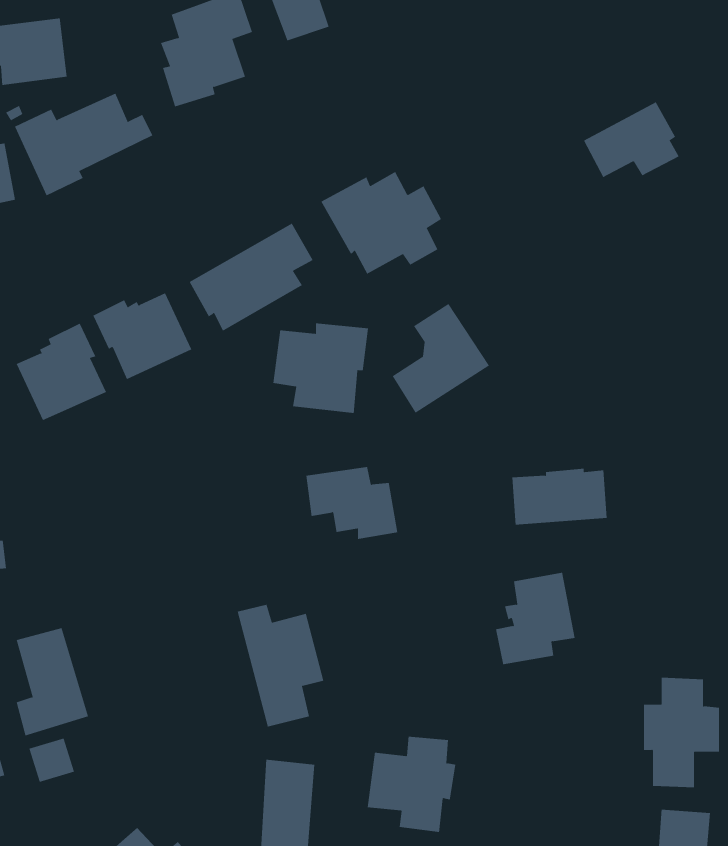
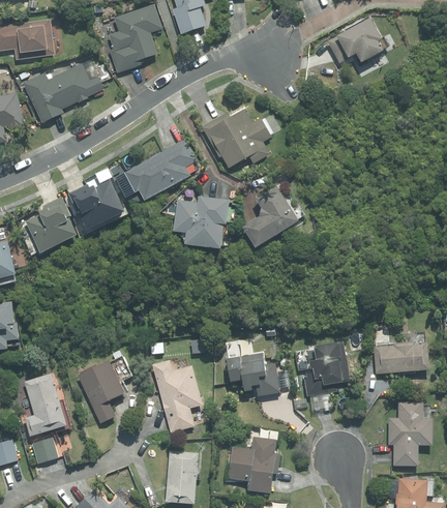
building: [583,101,679,178] -> [328,19,384,63]
building: [306,466,398,540] -> [227,354,280,396]
building: [511,468,608,525] -> [374,341,429,375]
building: none -> [78,350,132,422]

